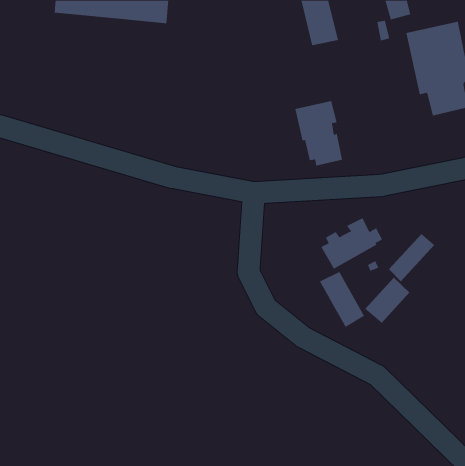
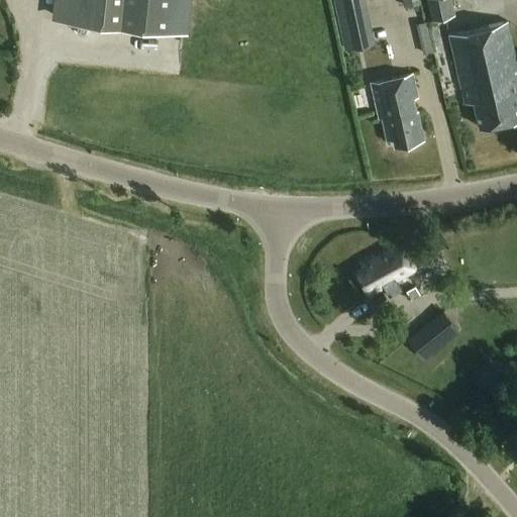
building: [294,100,343,166] -> [372,76,425,148]
building: [388,233,435,282] -> none
building: [319,271,365,328] -> none

